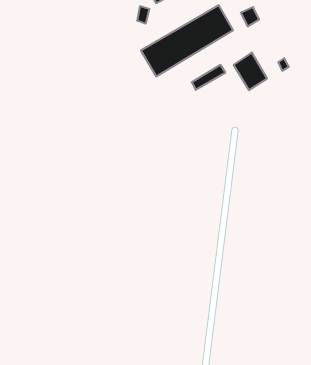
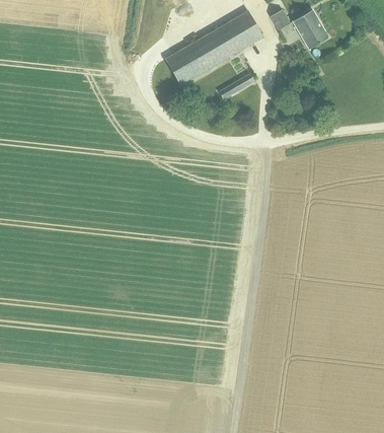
building: [234,52,267,90] -> [293,8,328,48]

